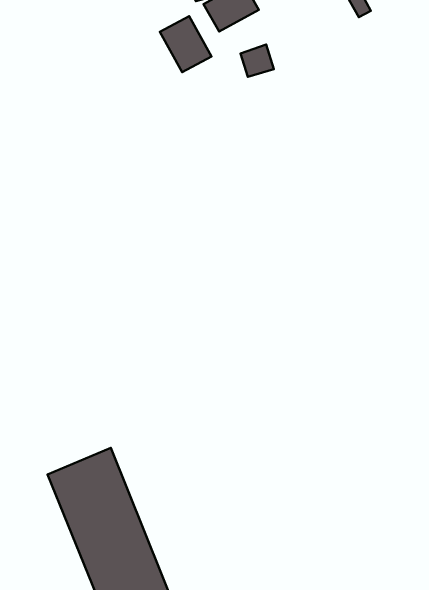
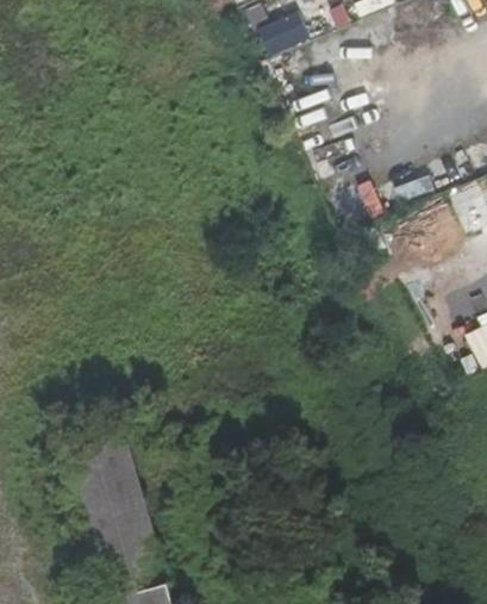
building: [160,16,211,72] -> none

